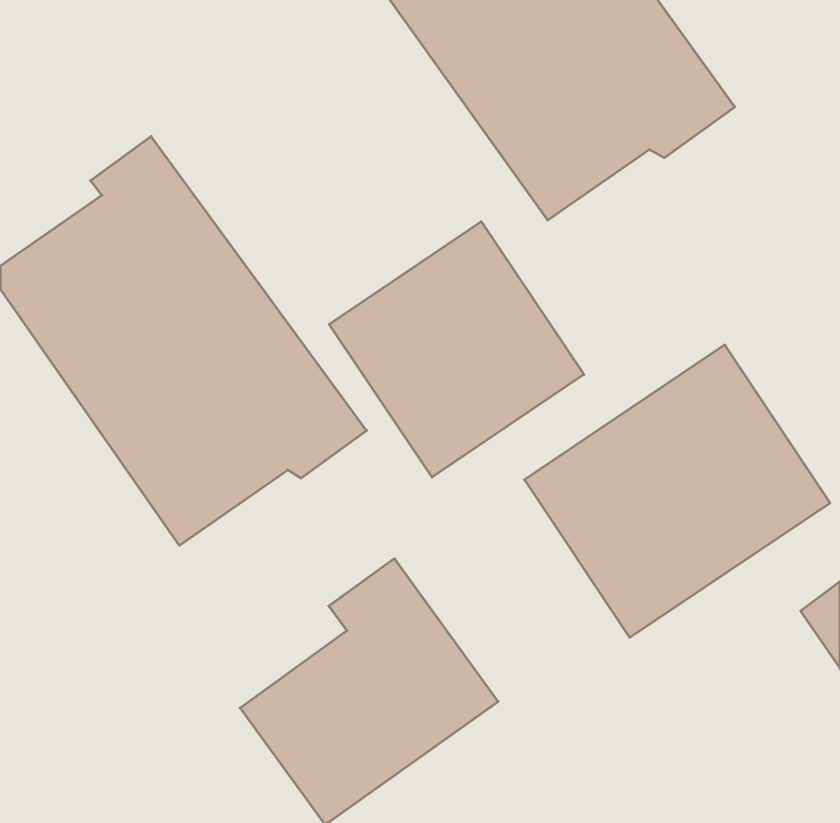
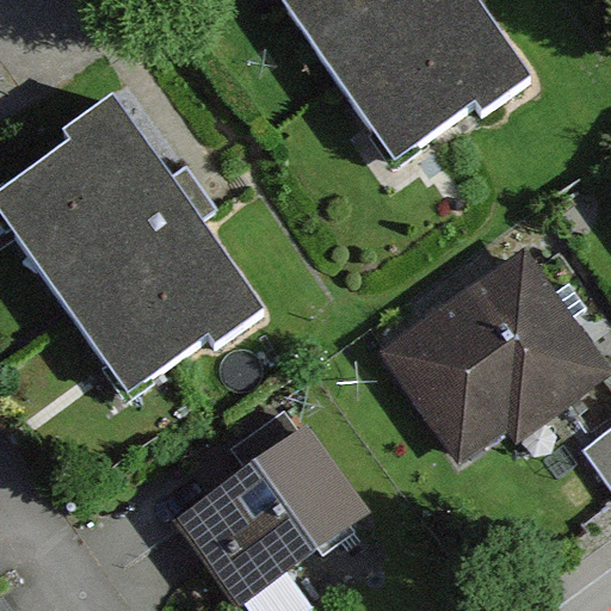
building: [329,222,584,477] -> none

